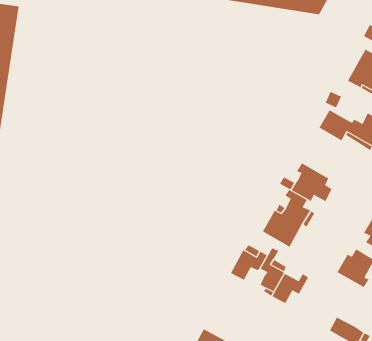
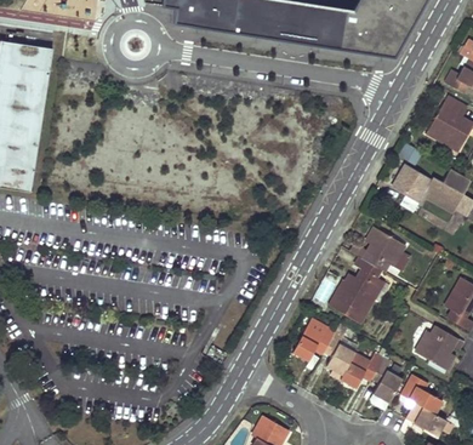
building: none -> [372,356,401,401]
building: none -> [399,373,441,412]

